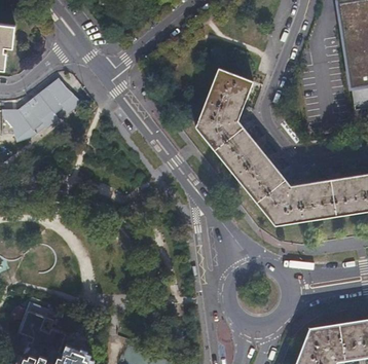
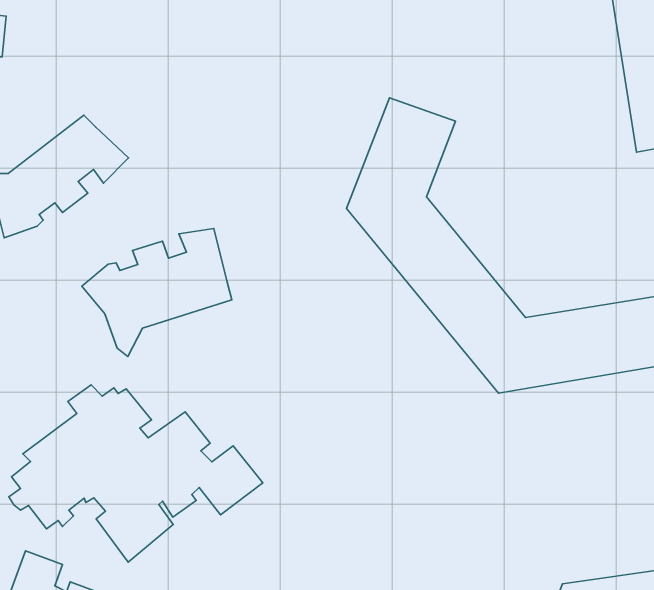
building: none -> [82,228,232,357]
building: none -> [9,385,263,562]

